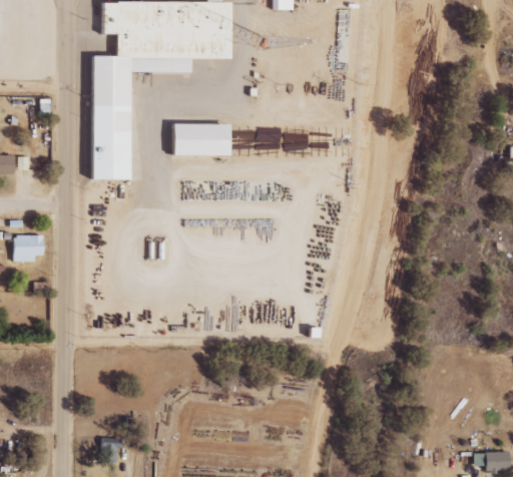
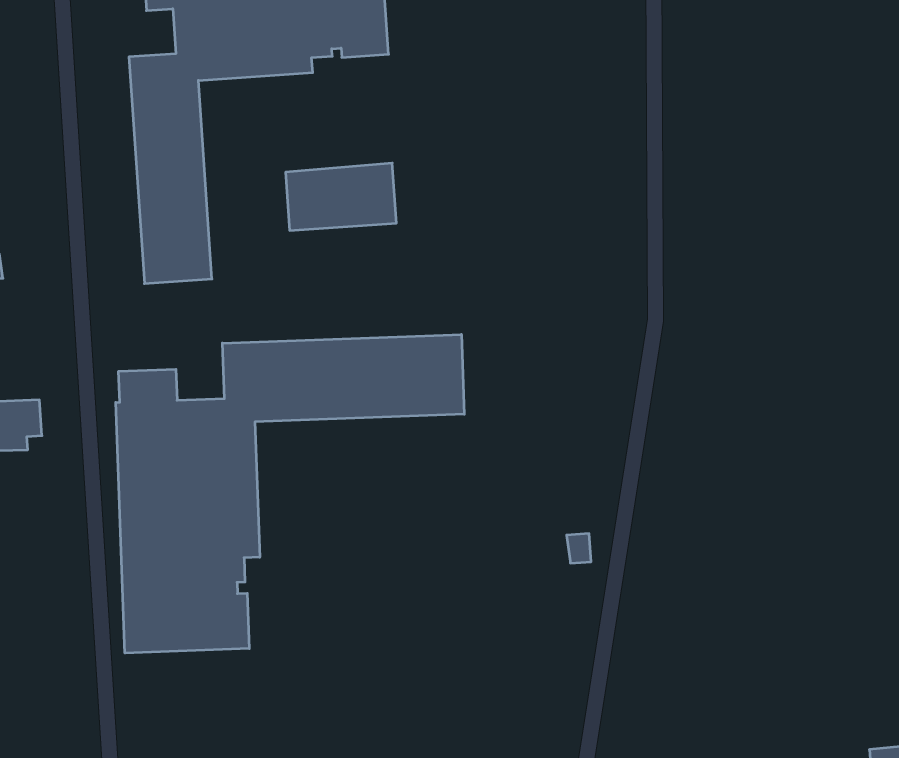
building: none -> [116,334,464,653]

